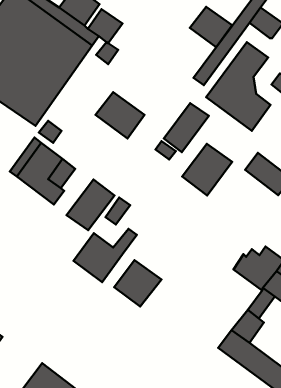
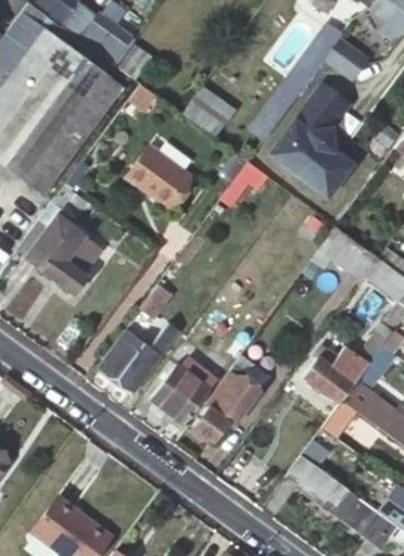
building: [190,7,232,47] -> [181,87,236,139]
building: [182,144,232,195] -> none
building: [67,179,114,230] -> none
building: none -> [191,356,268,441]

